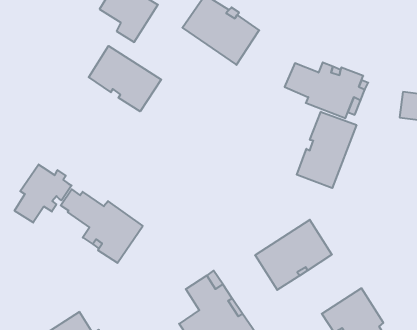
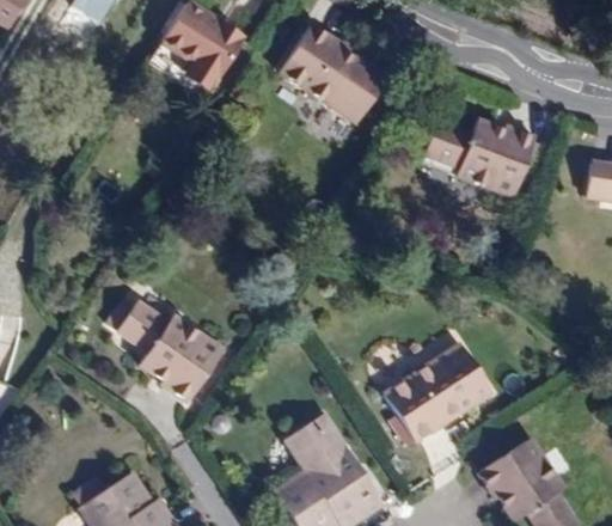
building: [89,46,161,111] -> none
building: [297,112,356,188] -> none
building: [15,164,72,223] -> none

